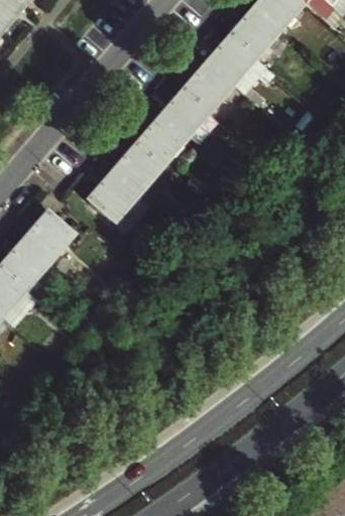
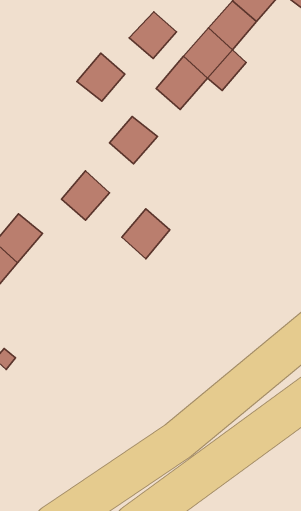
building: none -> [129,12,177,59]
building: [157,93,204,139] -> [77,53,125,101]
building: [112,145,158,194] -> [122,209,170,259]

